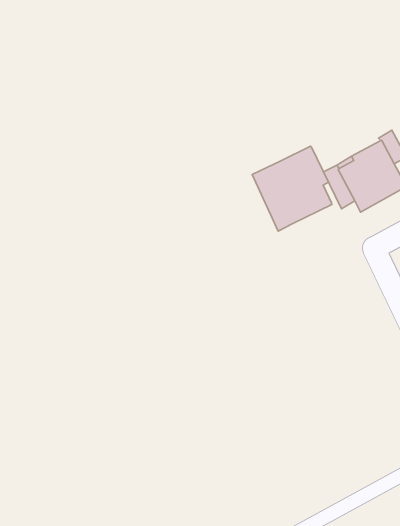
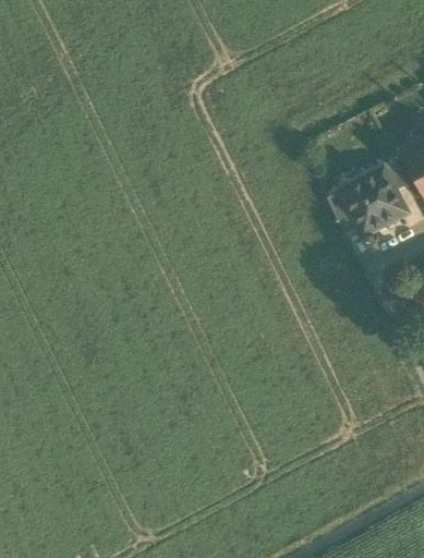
building: [252,146,332,231] -> none

